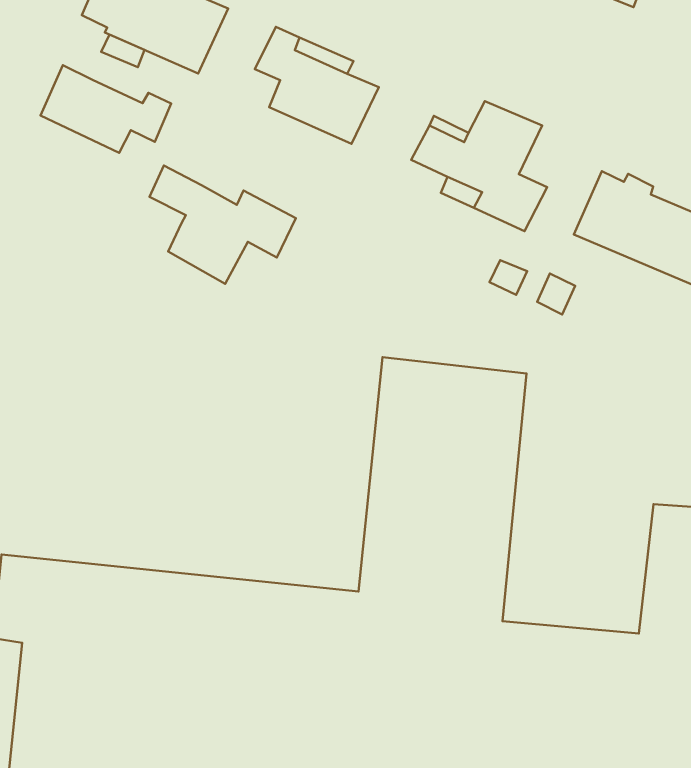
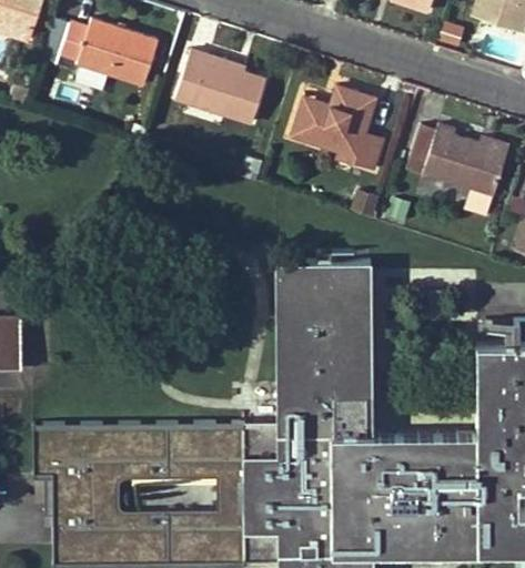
building: [41,65,171,153] -> none
building: [150,166,296,284] -> none

